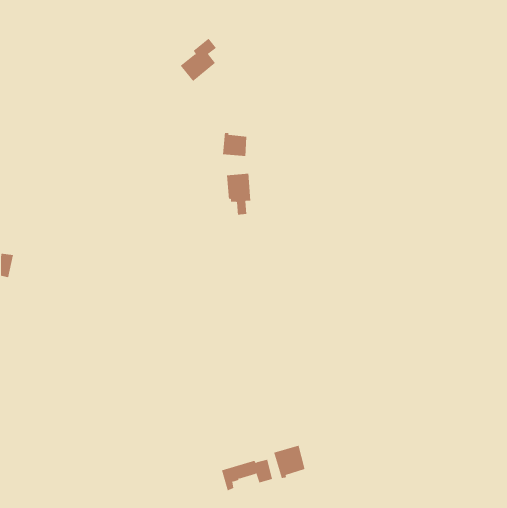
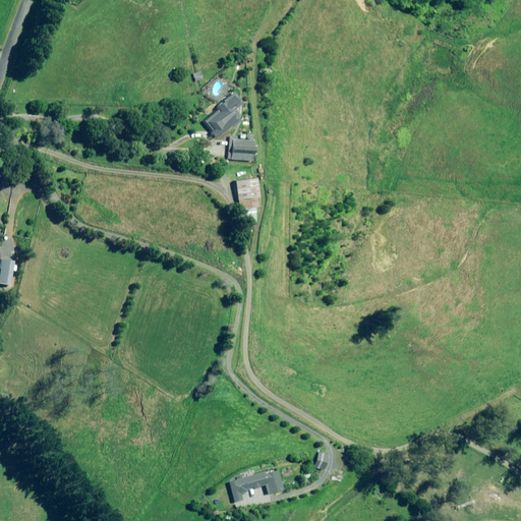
building: [180,38,217,82] -> [205,92,242,136]
building: [273,445,305,479] -> none

